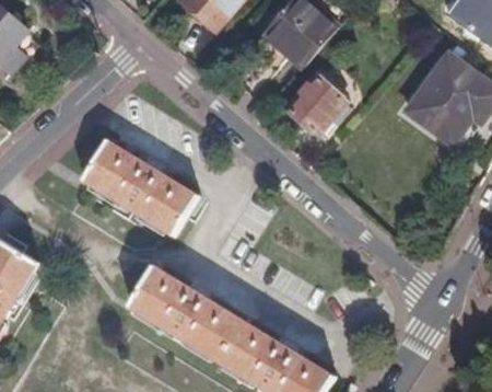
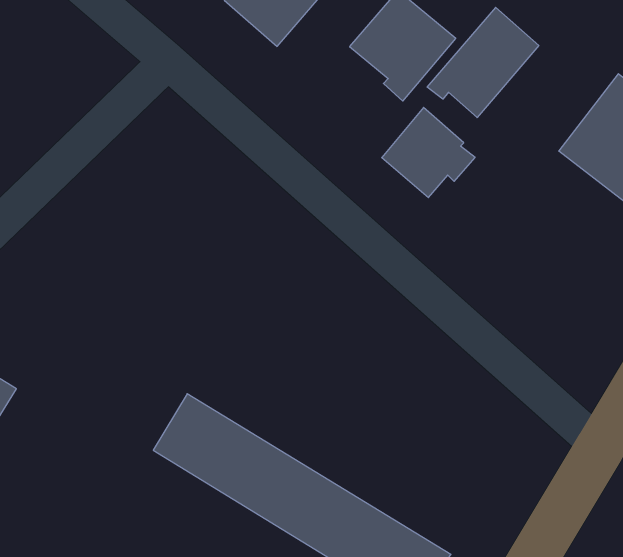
building: none -> [427,7,539,118]
building: [84,141,200,237] -> none

